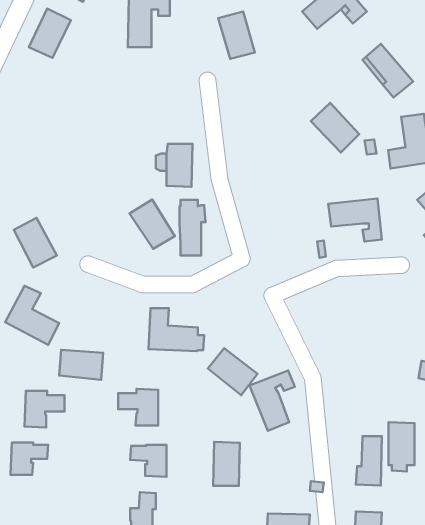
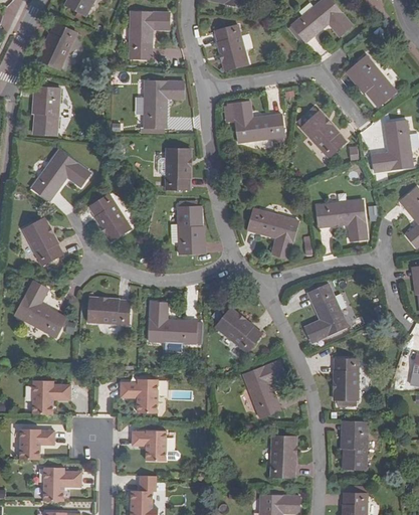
building: none -> [144,80,182,127]
building: none -> [33,88,59,135]
building: none -> [223,102,282,146]
building: none -> [31,150,88,200]
building: [130,199,175,249] -> [87,194,130,240]
building: none -> [247,208,297,259]
building: none -> [303,285,347,342]
building: [208,348,257,395] -> [215,308,261,352]
building: [59,350,103,380] -> [87,297,129,325]
building: [389,422,414,472] -> [333,359,357,405]
building: [213,442,240,486] -> [270,436,295,477]
building: none -> [43,467,80,501]

